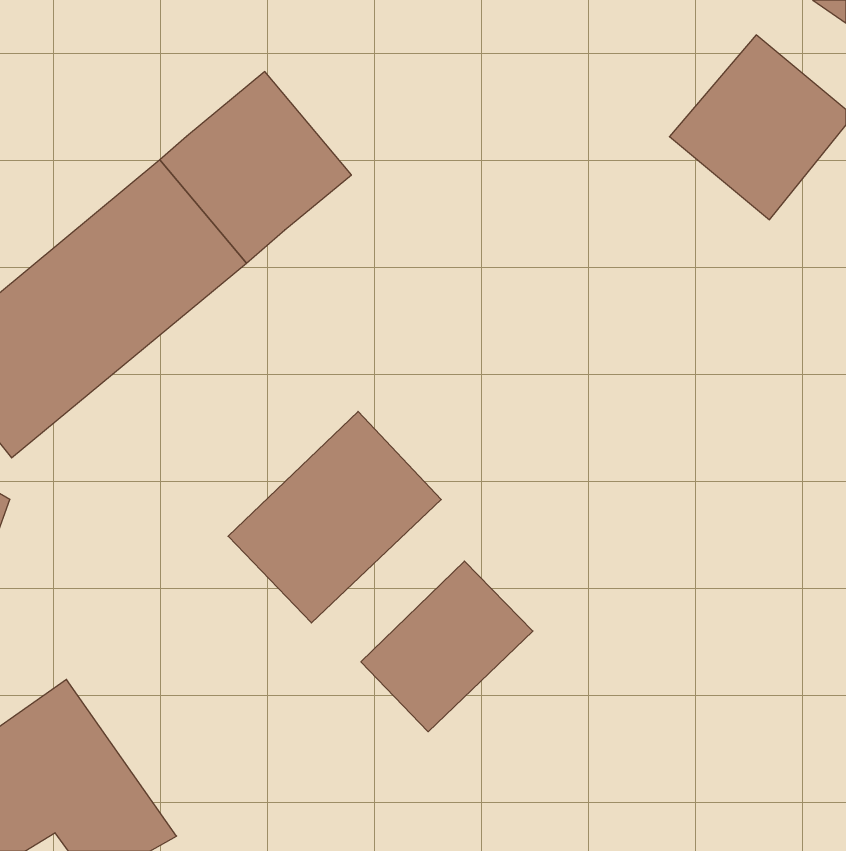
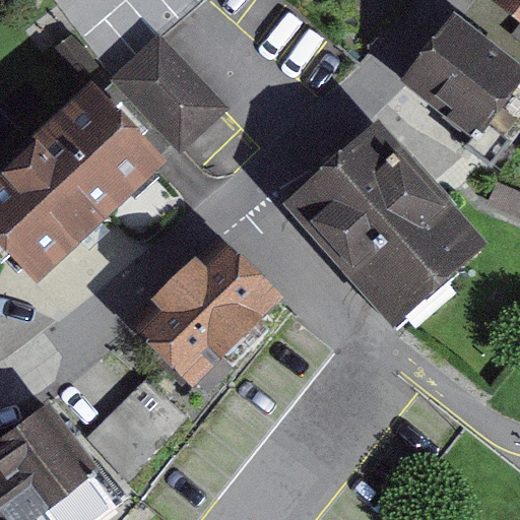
building: none -> [314,130,484,307]
building: [361,561,533,732] -> none

